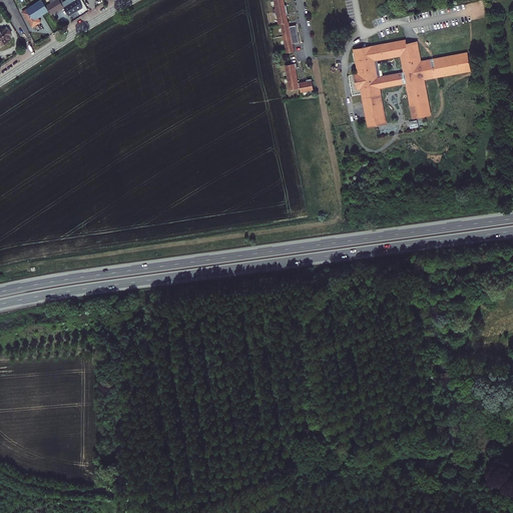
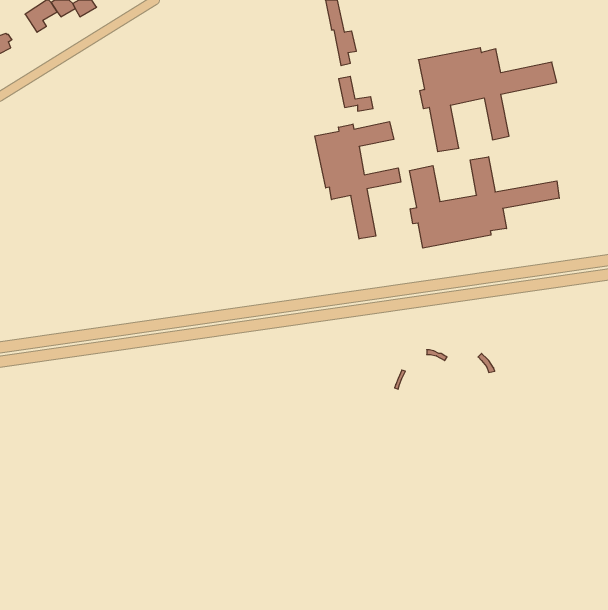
building: none -> [315,122,401,239]
building: none -> [410,157,559,248]

